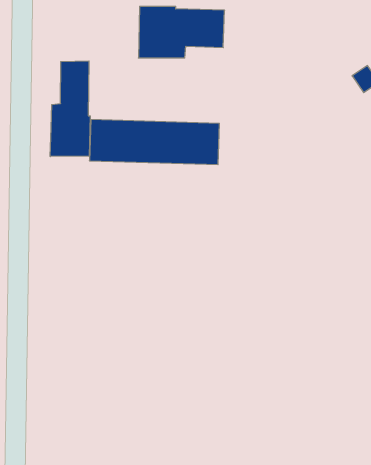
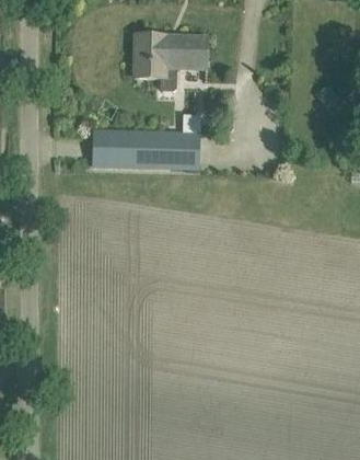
building: [50,61,90,157] -> none

